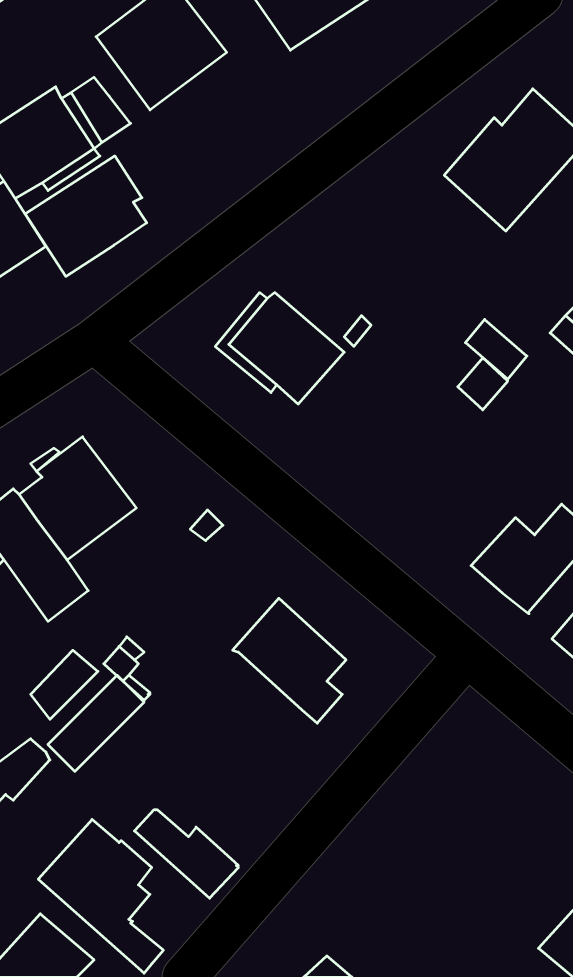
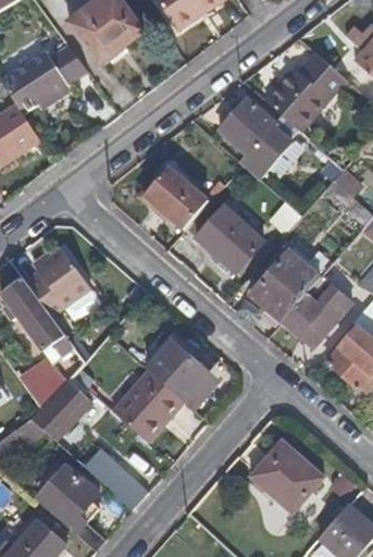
building: [25,156,147,276] -> none
building: none -> [219,98,291,178]
building: none -> [195,205,265,274]
building: none -> [250,250,321,321]
building: none -> [112,370,185,443]
building: none -> [250,440,324,513]

